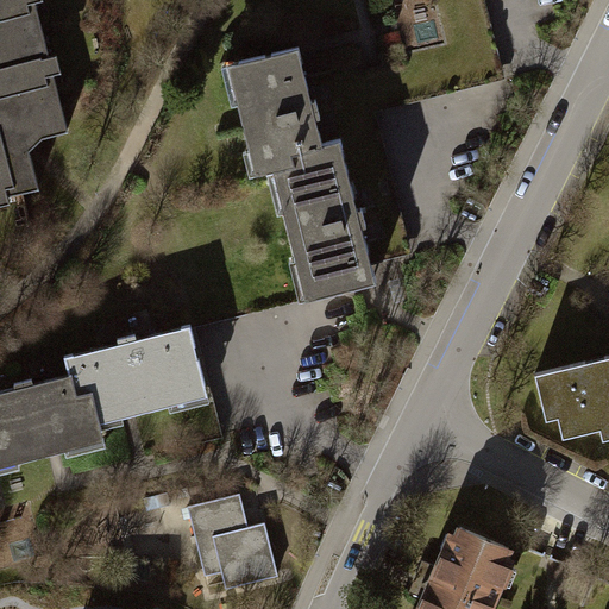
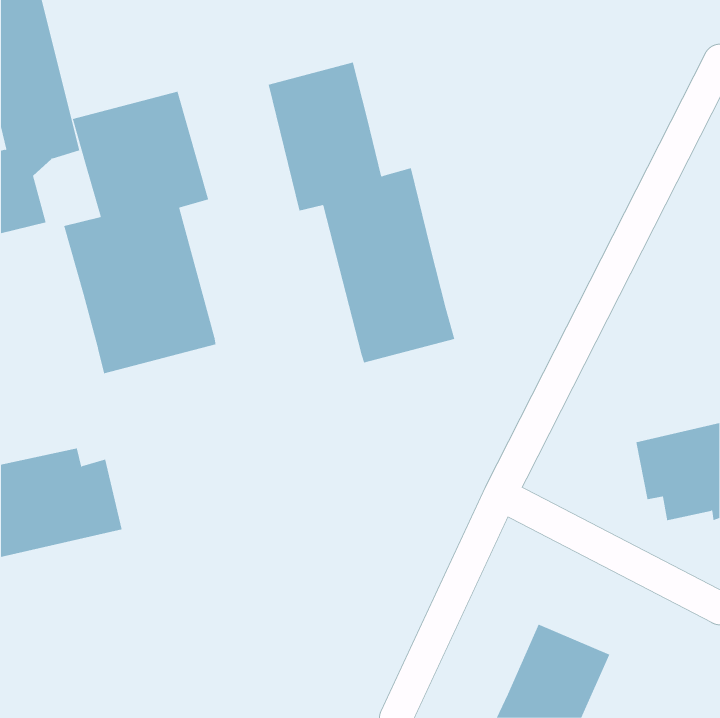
building: none -> [63,91,216,374]
building: [61,329,208,422] -> none
building: [183,491,277,585] -> none

